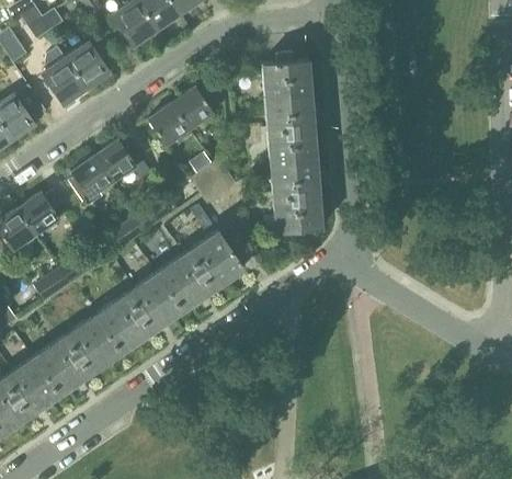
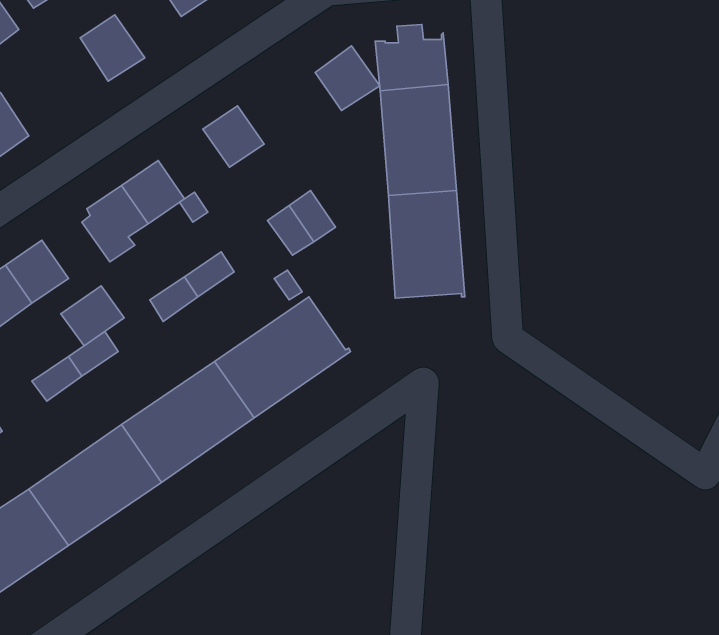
building: [45,47,87,103] -> none
building: [172,87,215,129] -> [315,46,380,111]
building: none -> [61,286,124,346]

